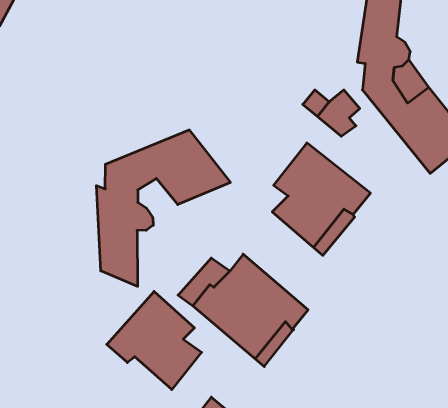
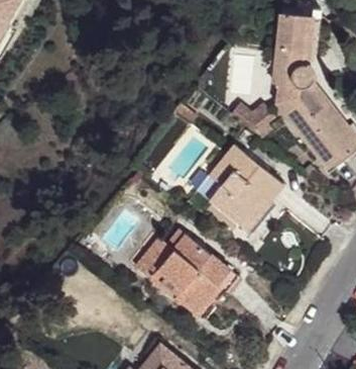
building: [96,130,230,286] -> none
building: [107,291,202,390] -> none

